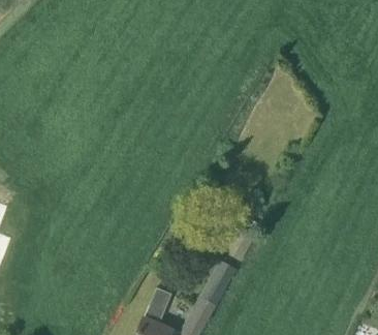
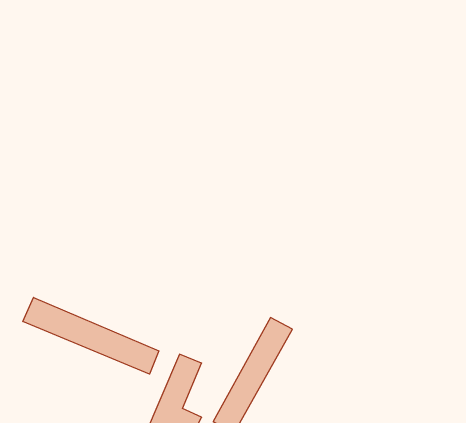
building: none -> [23,297,159,374]

